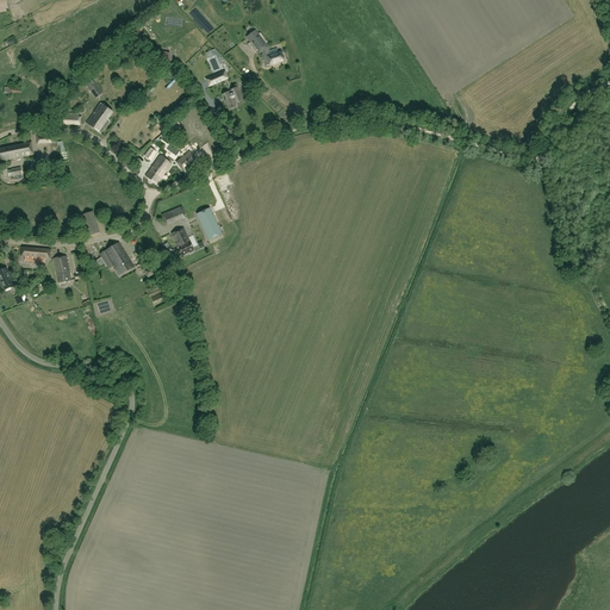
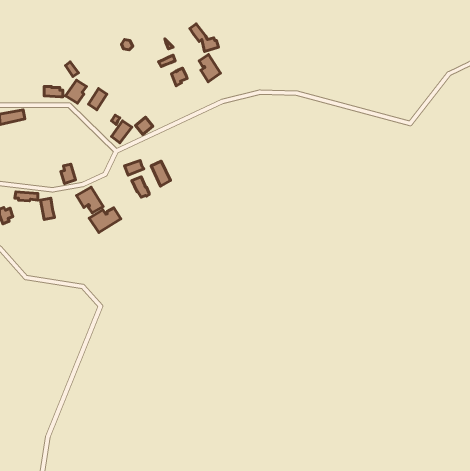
building: none -> [199,55,220,82]
building: none -> [89,208,121,232]

